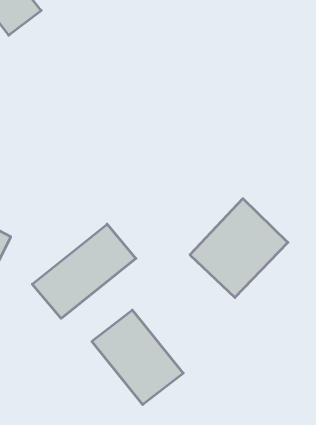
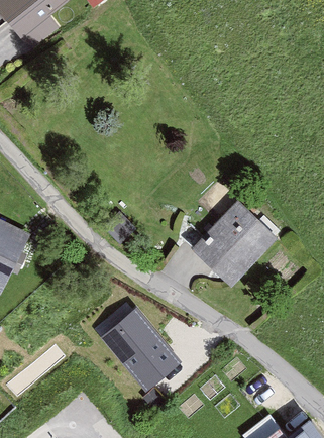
building: [32,224,136,318] -> none

